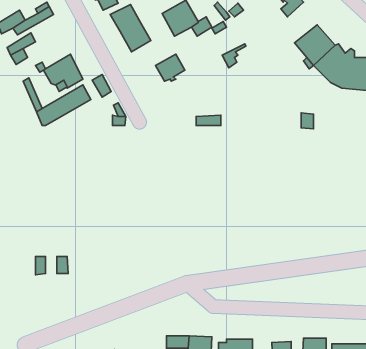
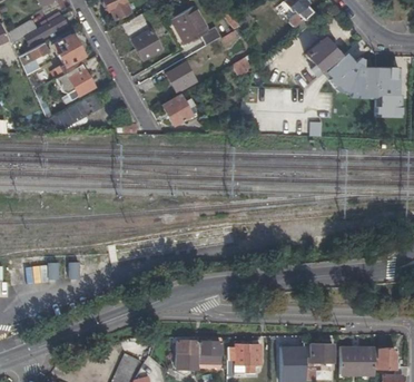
building: none -> [53,35,86,75]
building: none -> [161,96,195,126]

